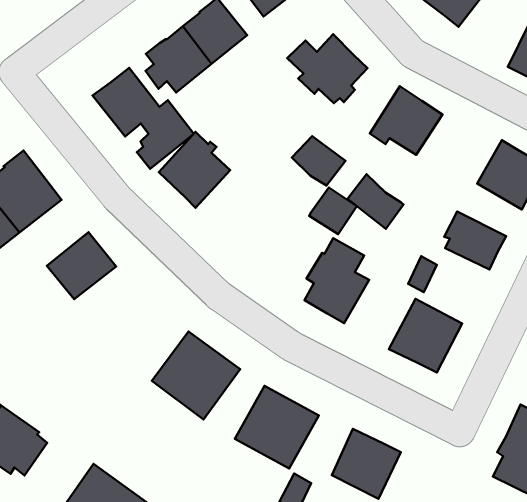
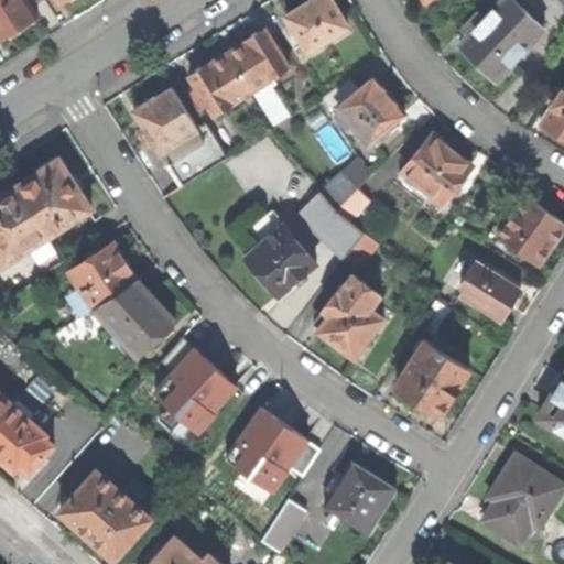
building: [159,132,230,208] -> [245,224,314,297]
building: [347,174,404,229] -> [297,192,351,247]
building: none -> [93,280,174,356]

